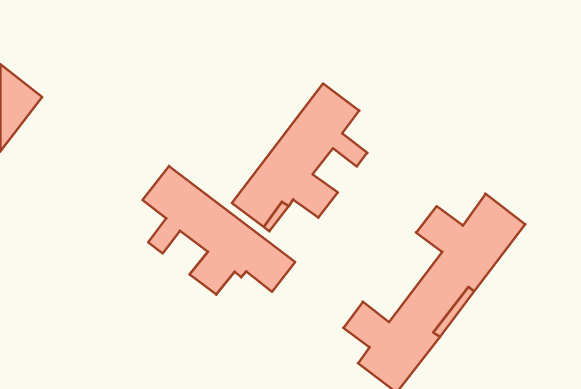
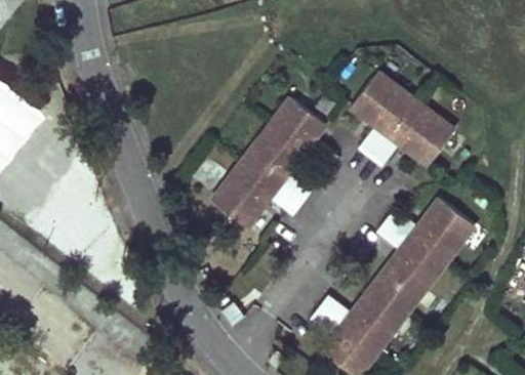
building: none -> [351,72,453,165]
building: [143,166,295,295] -> none

